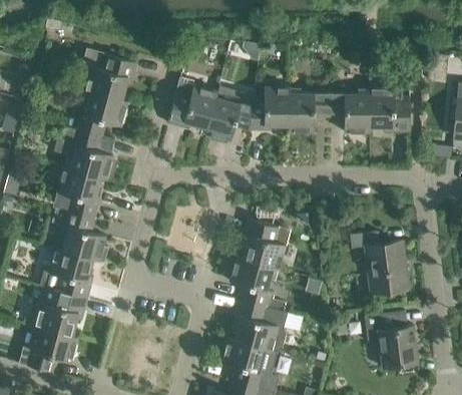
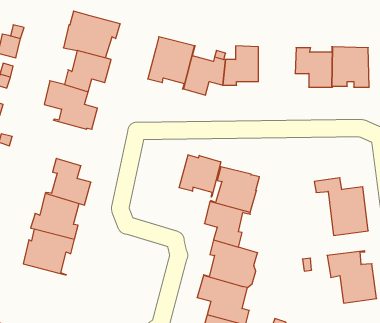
building: [290,88,331,132] -> none
building: [54,168,112,219] -> none
building: none -> [179,155,221,197]
building: [20,326,78,373] -> none

